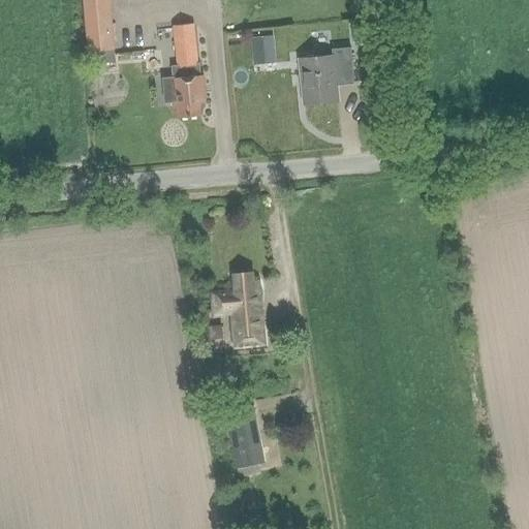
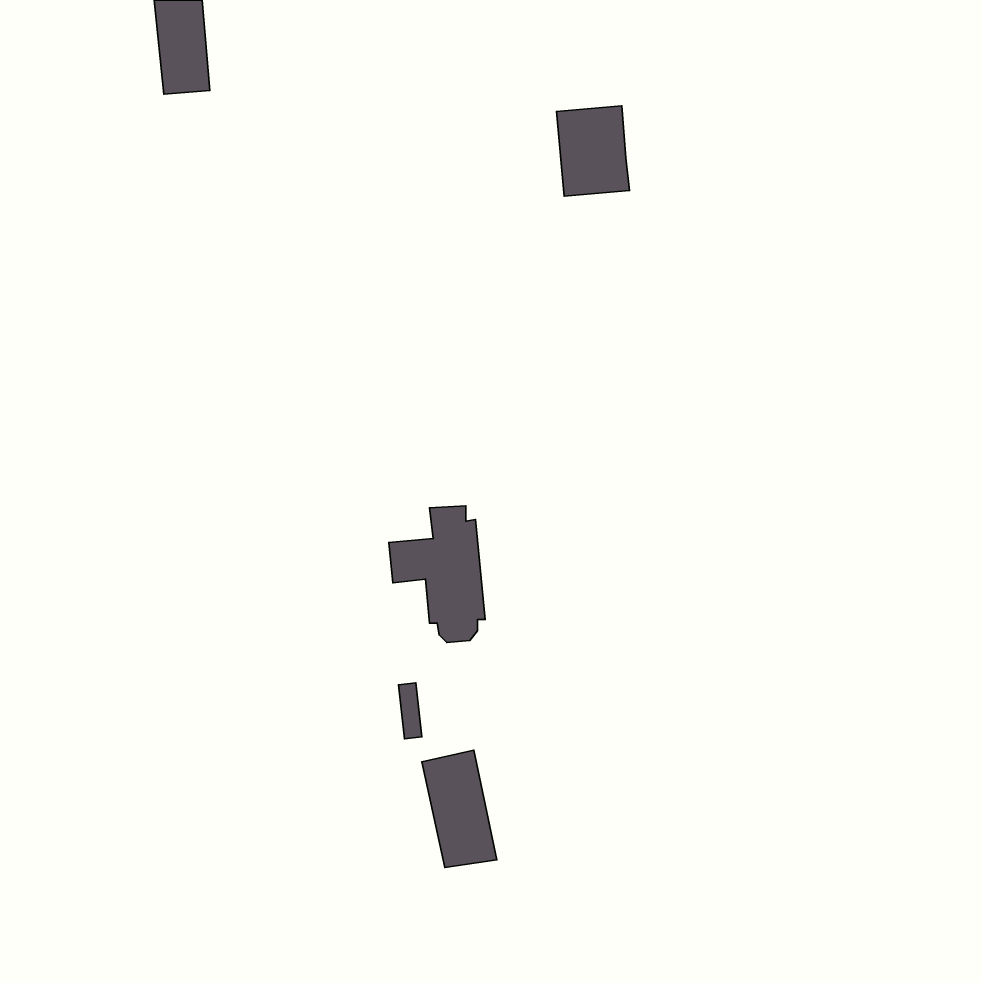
building: [165,24,206,116] -> none
building: [249,35,275,65] -> none
building: [329,48,352,85] -> none

